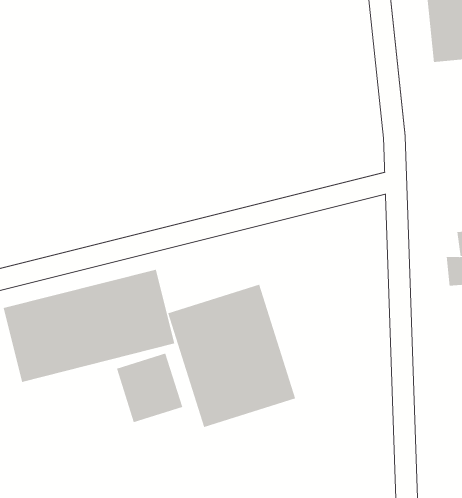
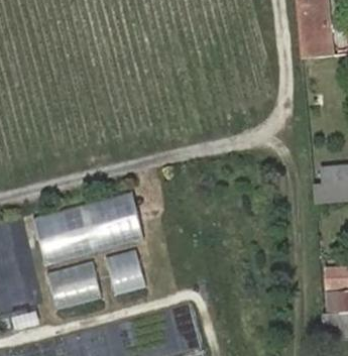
building: [168,284,296,428] -> none
building: none -> [51,261,98,302]

